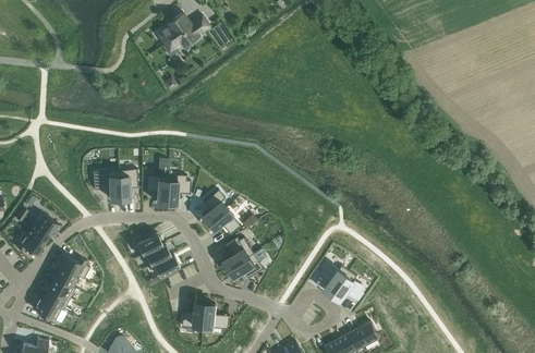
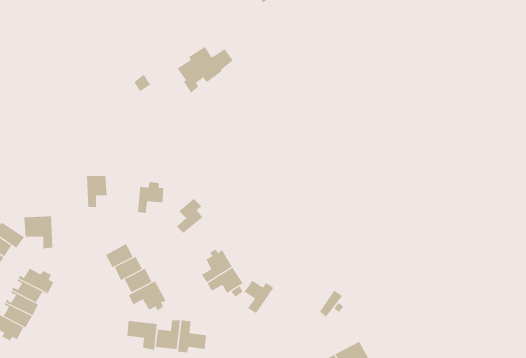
building: [156,13,208,57] -> [177,46,234,93]
building: [92,169,119,199] -> [23,216,53,249]
building: [145,173,167,203] -> none
building: [207,207,241,233] -> none
building: [320,263,349,294] -> [243,280,274,314]
building: none -> [128,281,167,311]
building: none -> [127,320,158,350]

